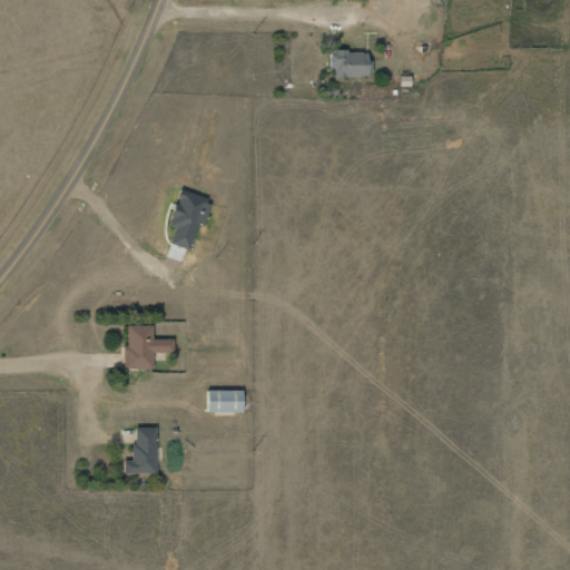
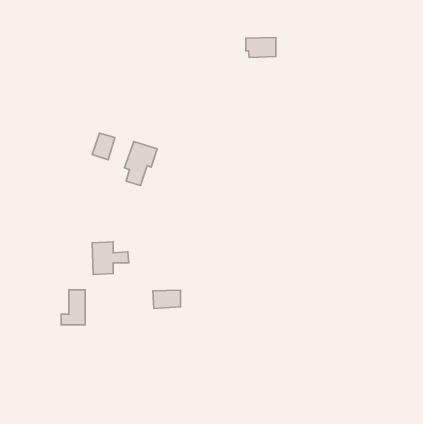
building: none -> [92,133,115,160]
building: [125,428,157,474] -> [61,290,85,325]

